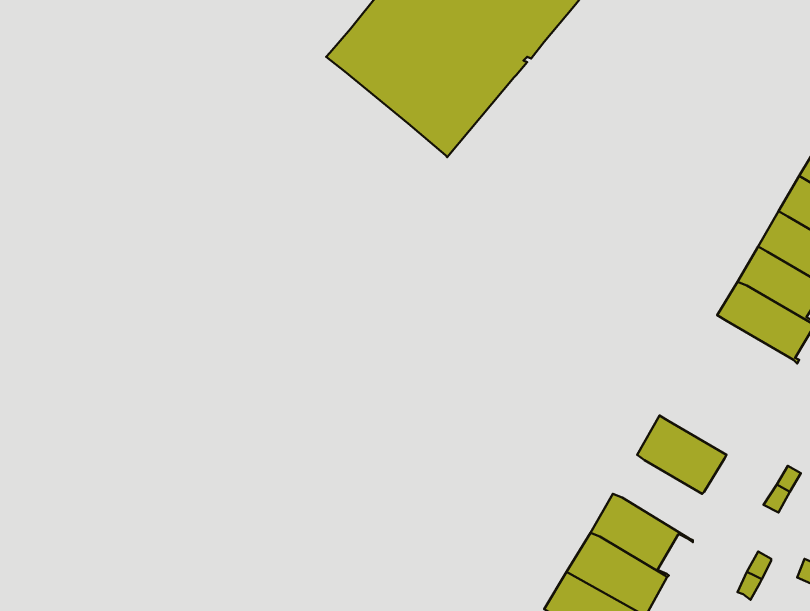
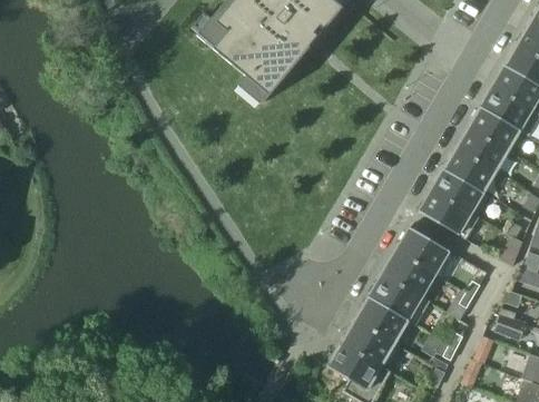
building: none -> [418,190,478,239]
building: none -> [395,227,449,274]
building: none -> [367,274,430,325]

